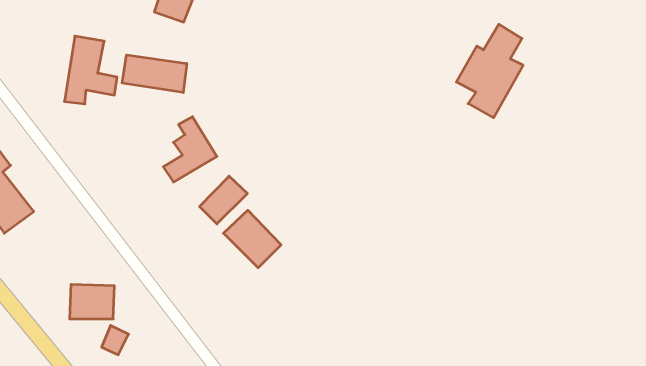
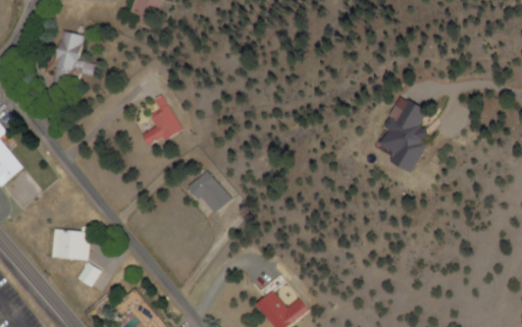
building: [456,24,523,118] -> [370,99,423,173]
building: [122,55,187,93] -> none
building: [200,176,247,224] -> none

